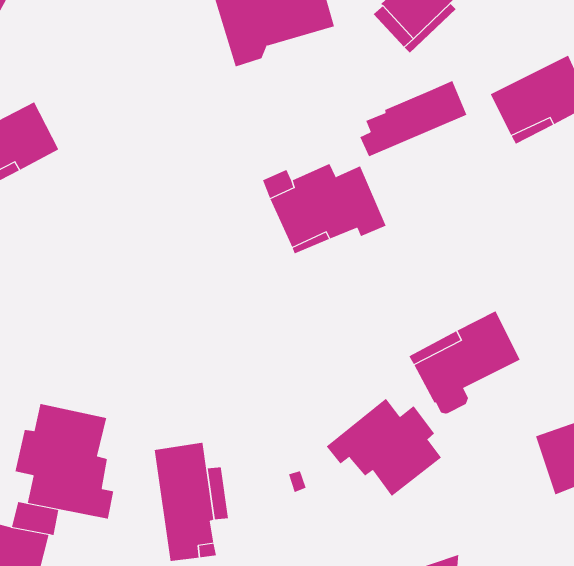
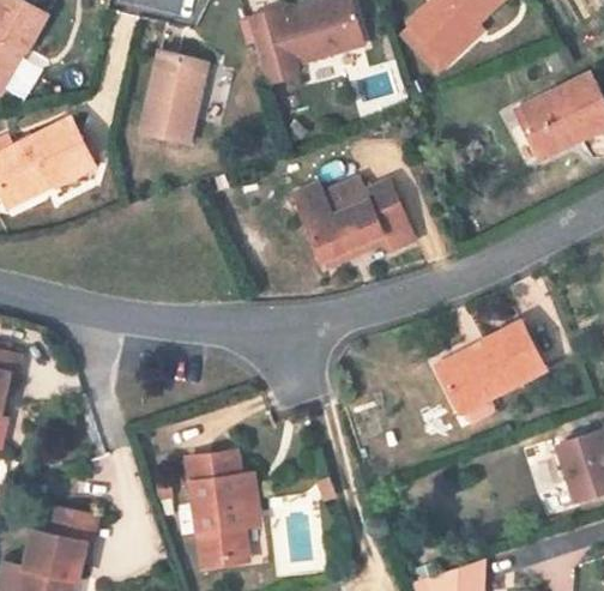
building: none -> [141,50,209,143]
building: [360,80,467,157] -> none
building: [326,398,442,497] -> none
building: [15,403,114,520] -> none

